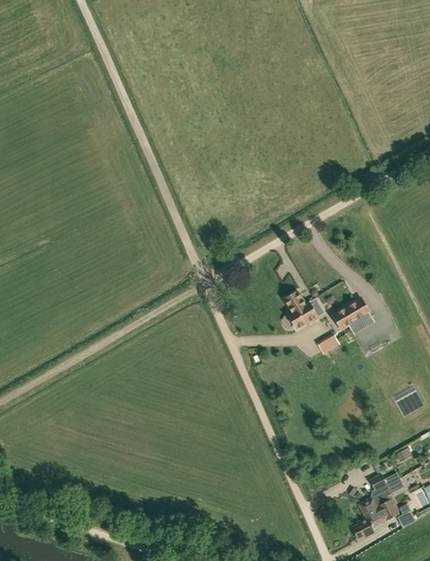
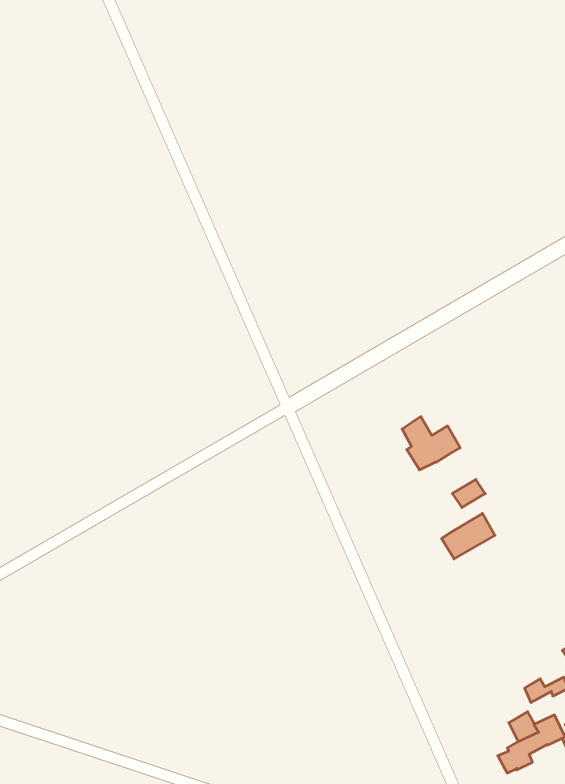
building: [331,298,369,330] -> [442,513,495,559]

